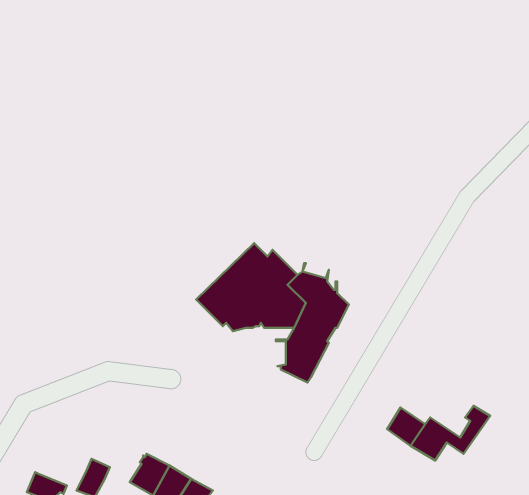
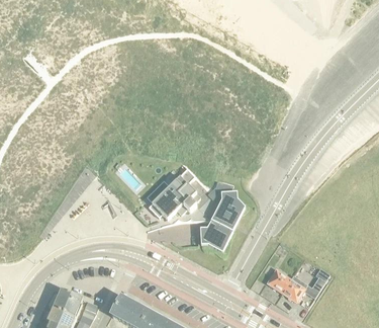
building: none -> [55,292,82,319]

